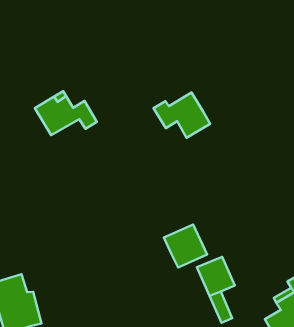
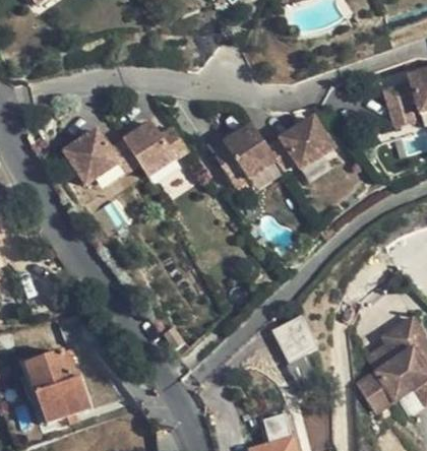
building: none -> [125,121,190,176]
building: none -> [268,113,337,168]
building: [164,224,207,268] -> none

